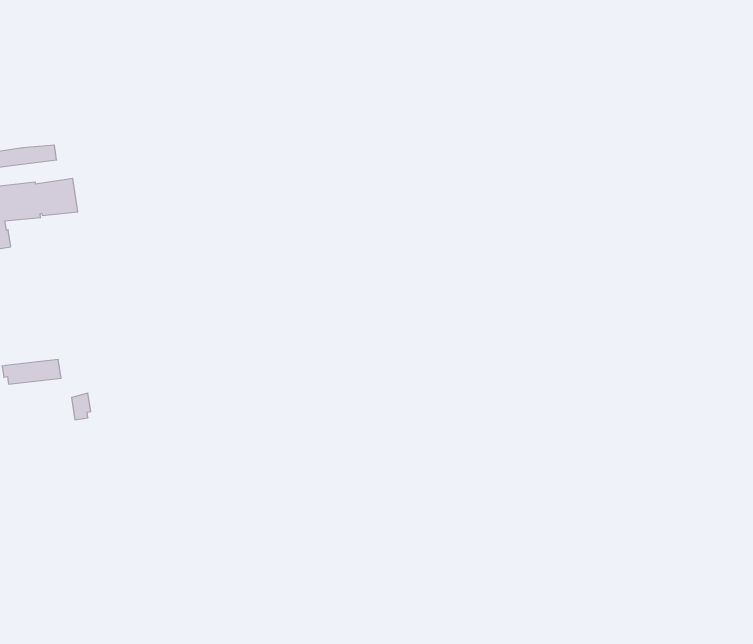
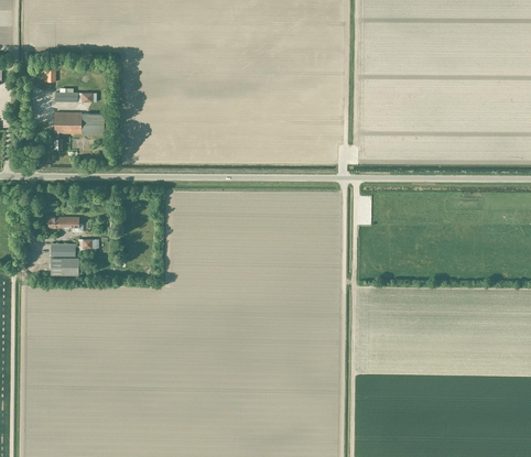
building: none -> [50,243,77,274]

